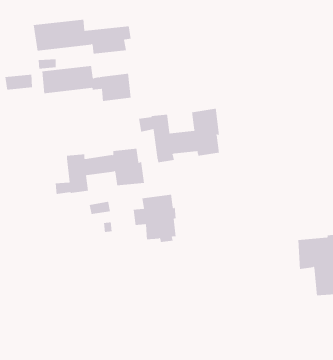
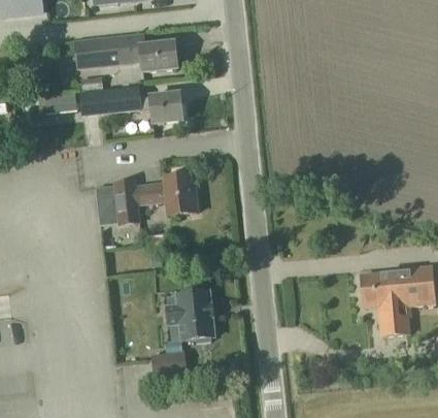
building: [139,108,220,163] -> none
building: [133,194,176,243] -> [165,290,212,343]
building: none -> [150,352,183,374]

